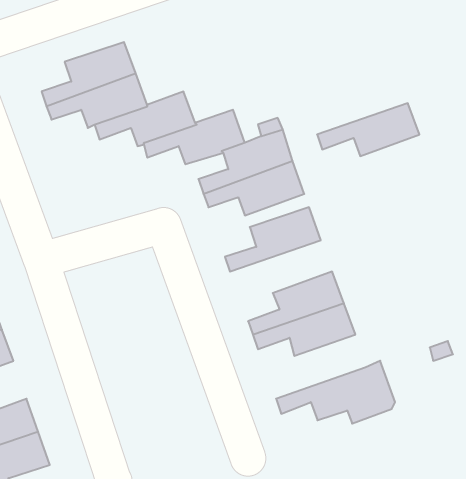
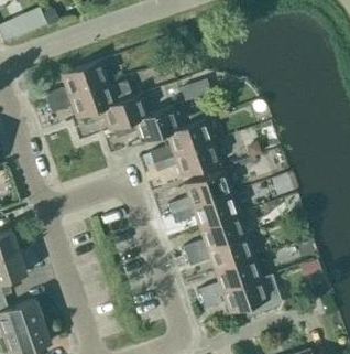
building: [317,103,419,156] -> [171,192,239,227]
building: none -> [198,255,261,298]

